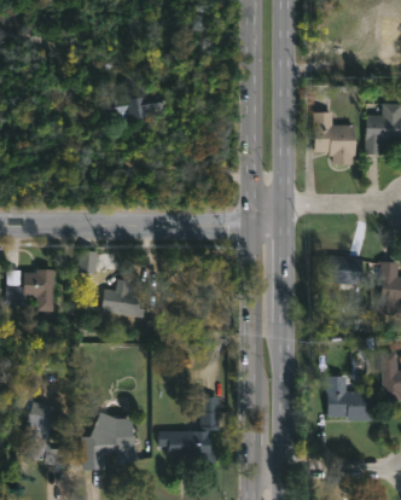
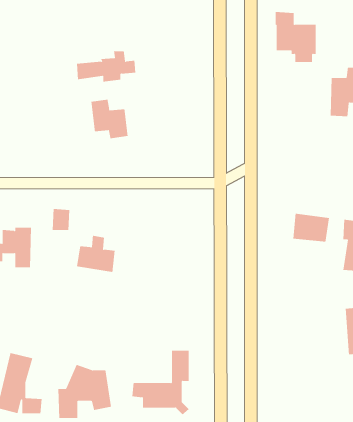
building: [313,111,356,164] -> [275,12,316,63]
building: none -> [91,99,128,139]
building: [327,376,373,420] -> none

